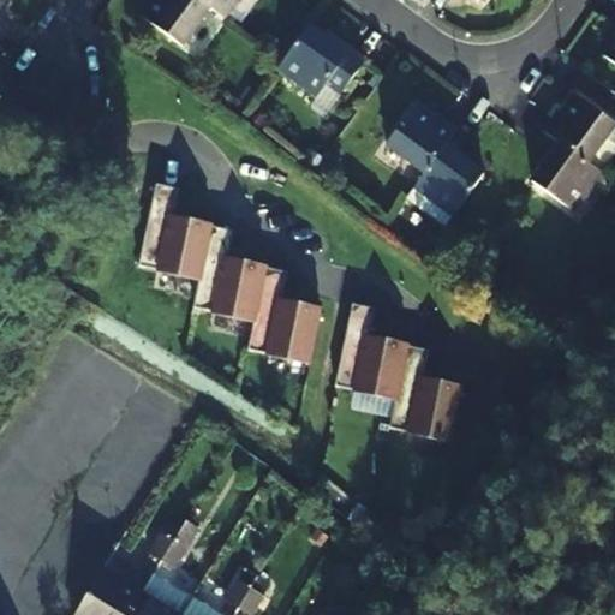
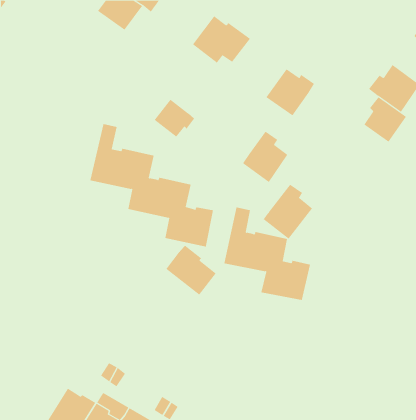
building: [424,137,491,213] -> [242,131,288,183]
building: none -> [154,99,195,137]
building: none -> [263,184,313,239]
building: none -> [165,245,217,296]

